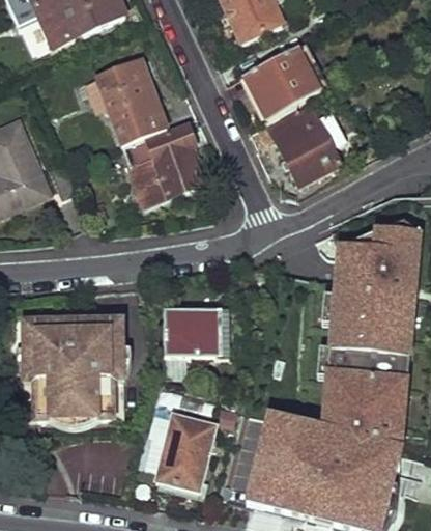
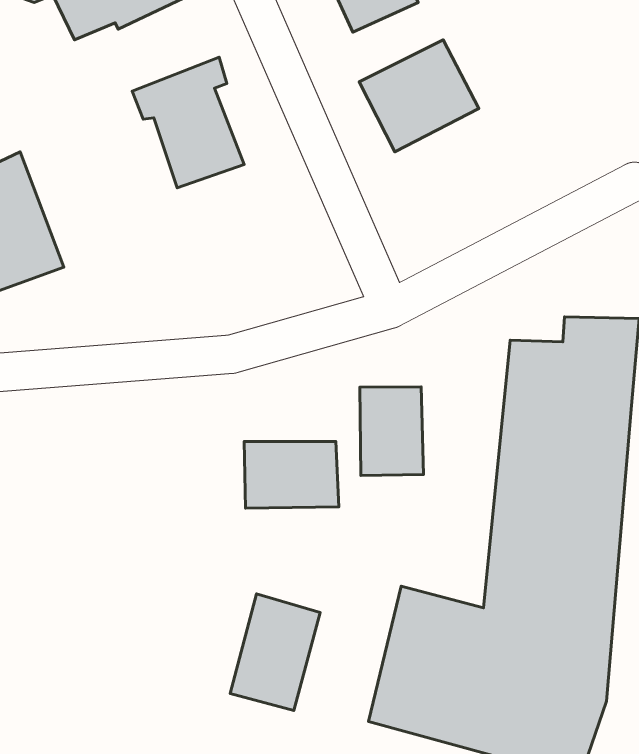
building: [266,104,340,180] -> none
building: [127,122,199,203] -> none
building: none -> [360,387,423,476]
building: [15,314,120,419] -> none

